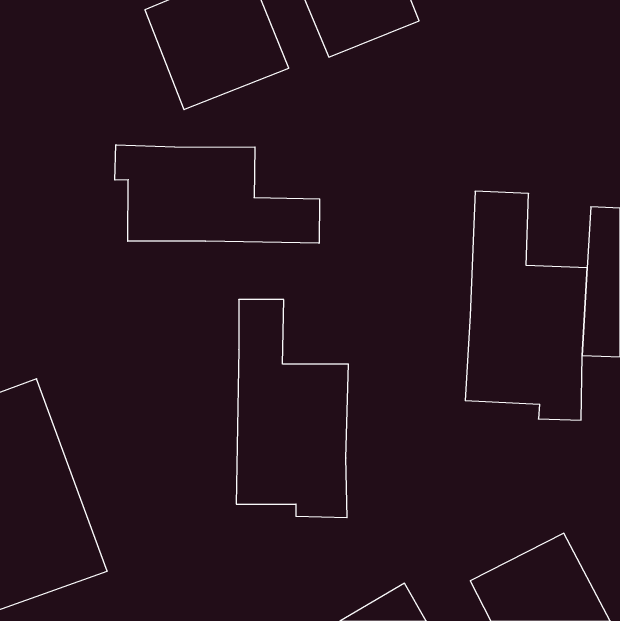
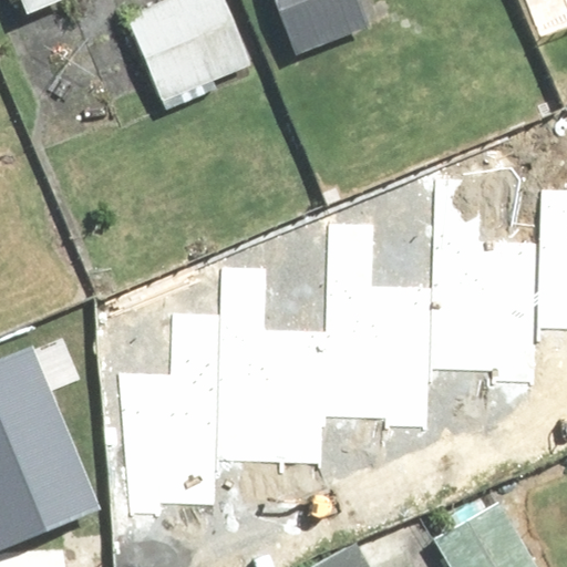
building: [115,145,320,243] -> none
building: none -> [315,224,427,430]
building: none -> [125,318,217,515]

